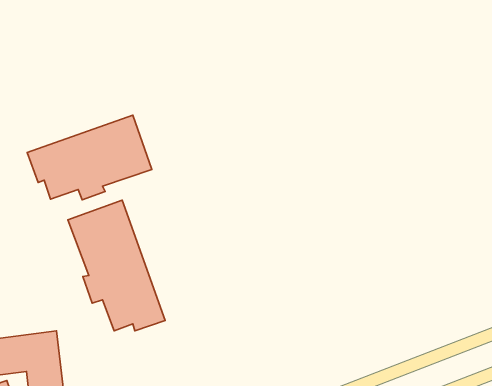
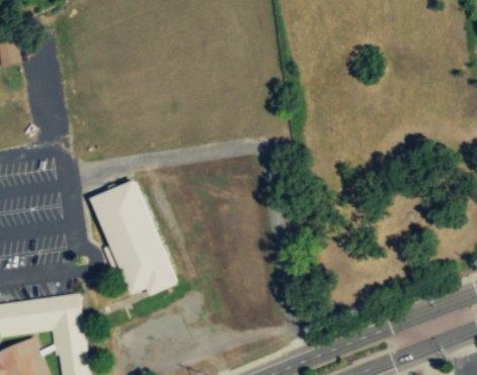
building: [27,115,152,200] -> none

